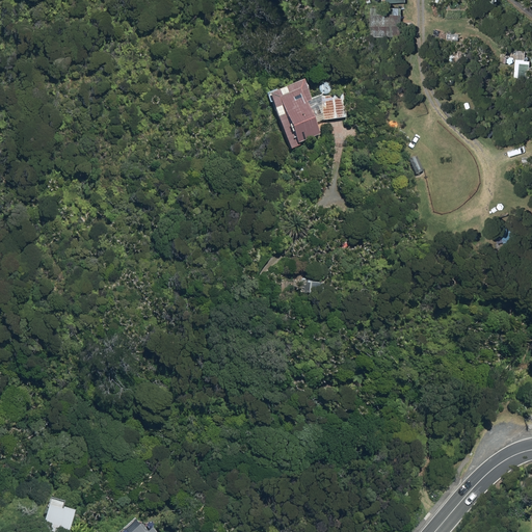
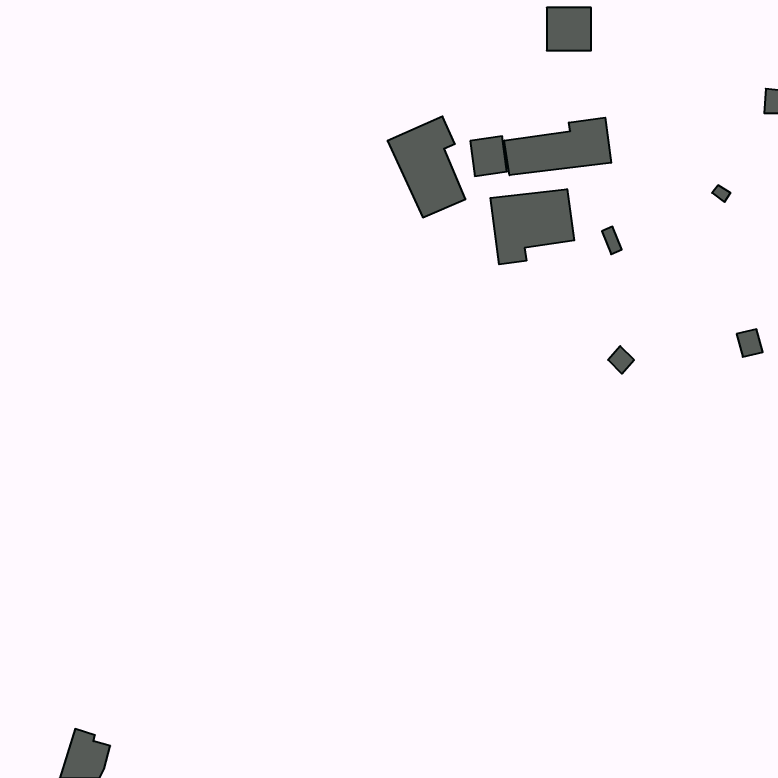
building: none -> [504,118,611,175]
building: none -> [490,189,574,264]

